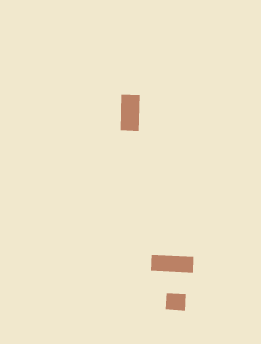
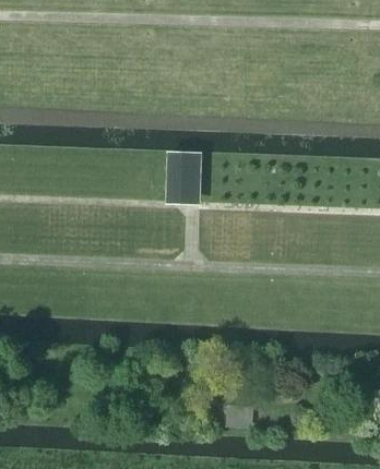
building: [151,254,194,273] -> none

